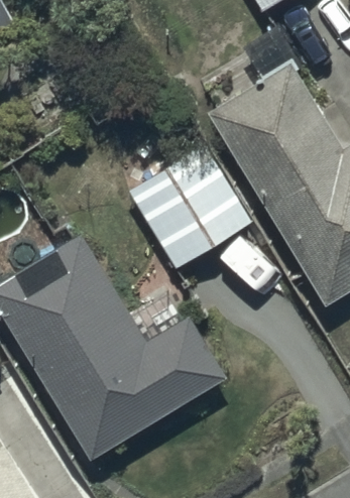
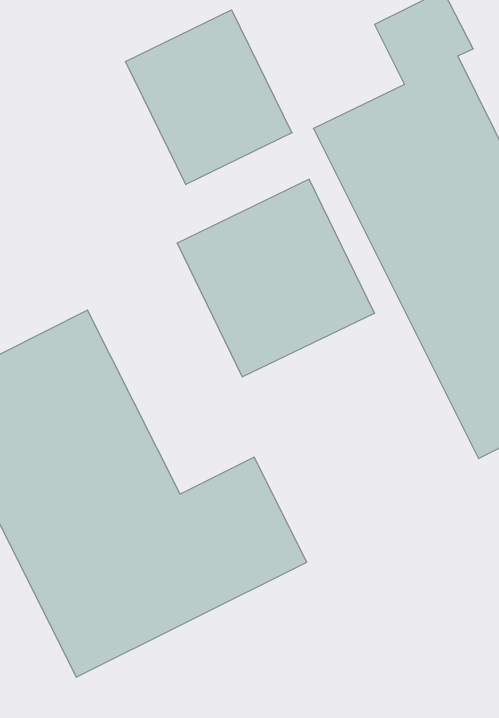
building: none -> [125,10,292,185]

